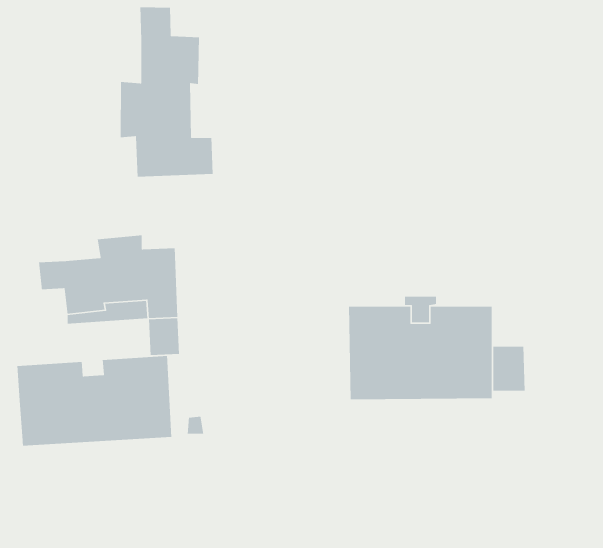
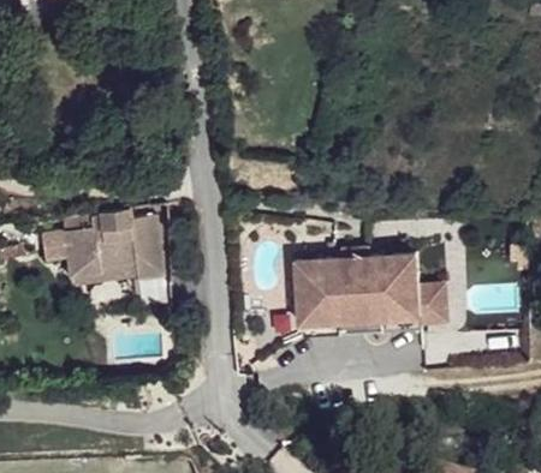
building: [120,6,214,177] -> none
building: [16,355,172,447] -> none

